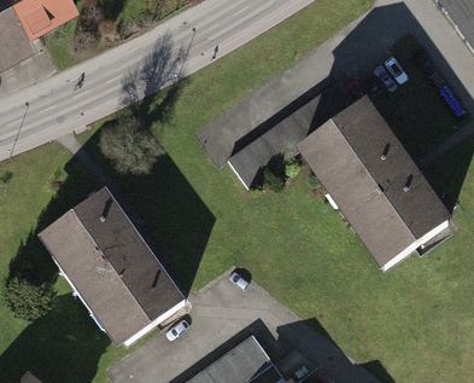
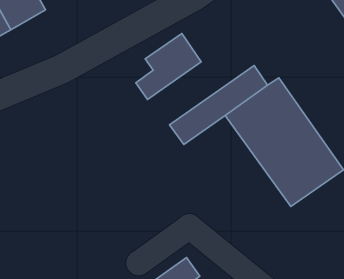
building: none -> [136,33,201,99]
building: [46,192,182,342] -> none

